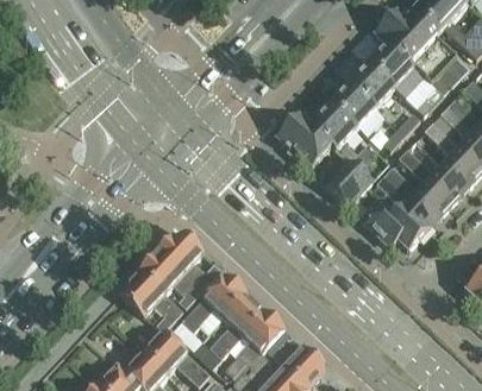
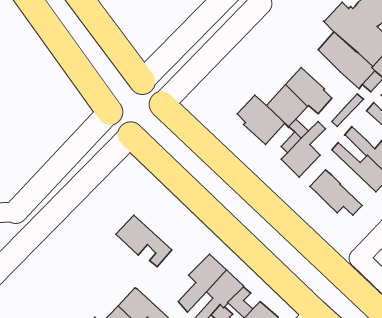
building: [349,61,393,105] -> none
building: [375,174,433,237] -> none
building: [159,232,220,286] -> none
building: [119,269,182,330] -> none
building: [181,272,245,329] -> none

